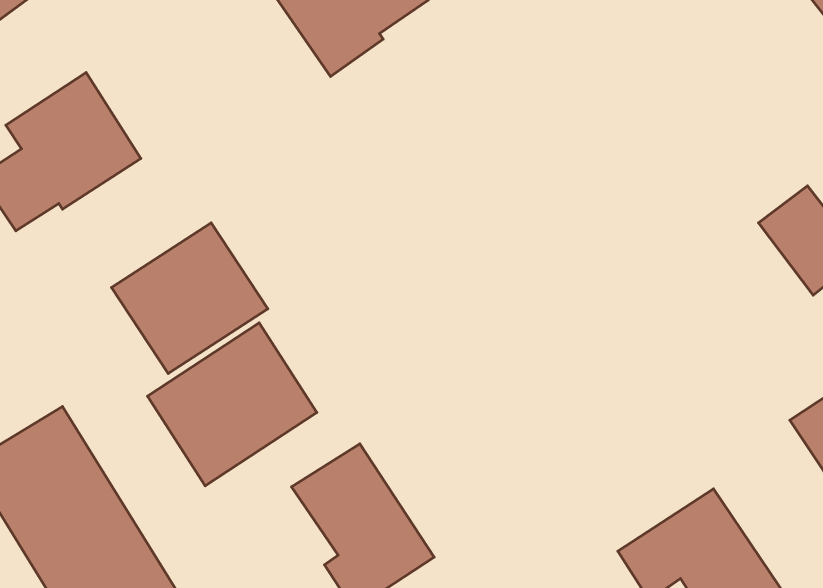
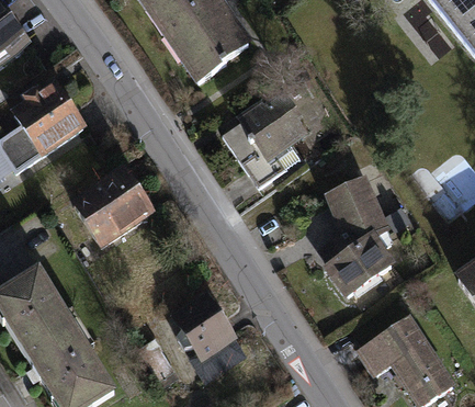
building: none -> [222,86,313,185]
building: none -> [323,174,395,297]
building: [147,323,317,486] -> none

